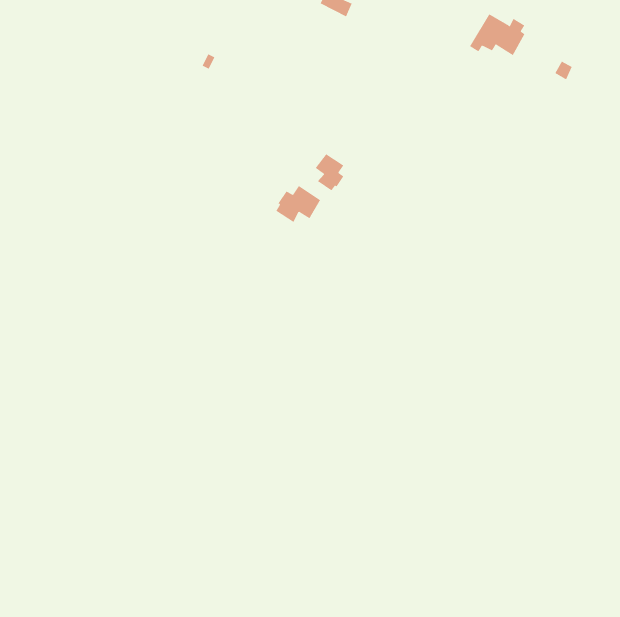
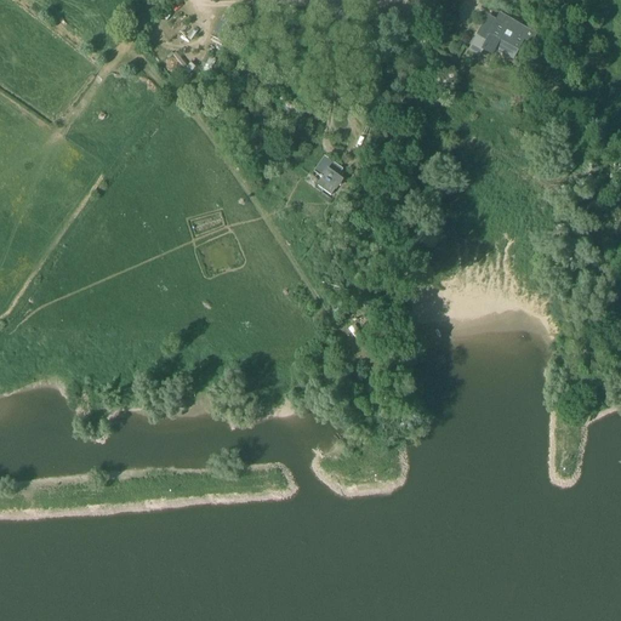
building: [276,185,321,223] -> none

